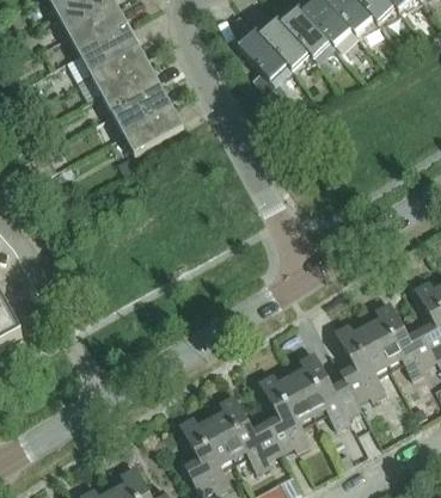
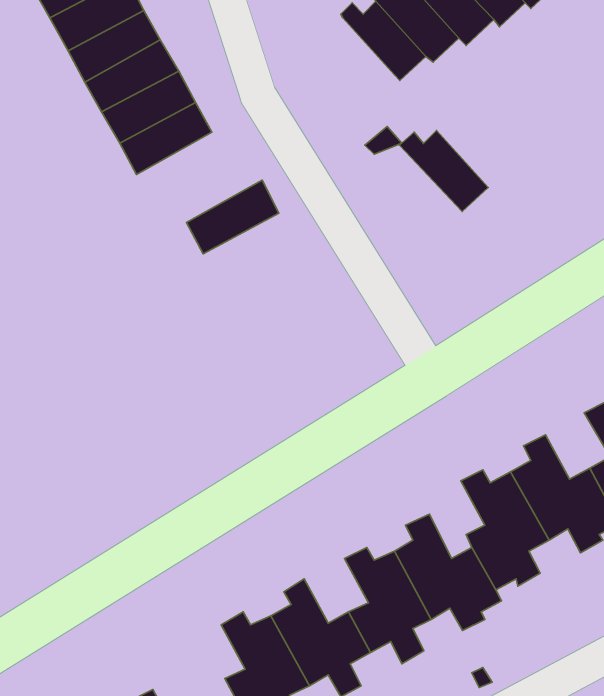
building: [233,31,290,84] -> [400,130,488,212]
building: [123,105,183,153] -> [187,180,279,254]

